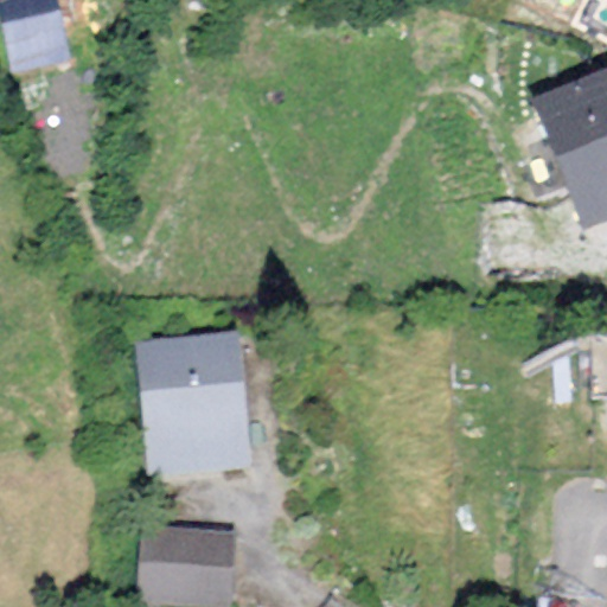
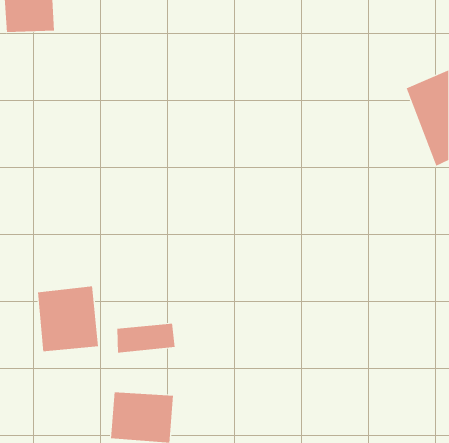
building: [149,353,232,442] -> [37,286,99,352]

